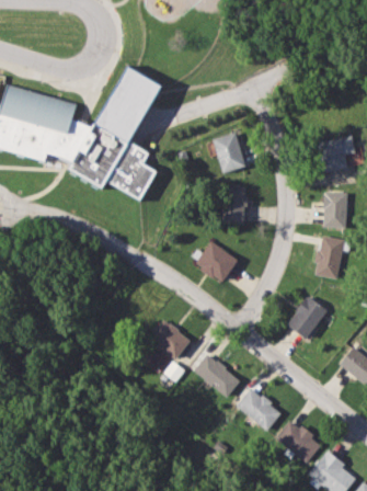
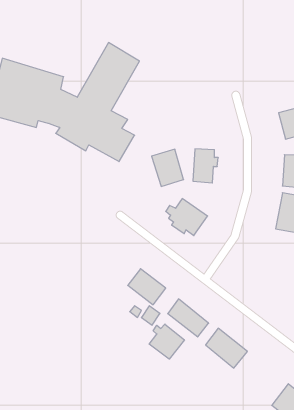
building: [210,132,246,173] -> [152,149,184,186]
building: [287,296,329,339] -> none
building: none -> [149,324,184,359]
building: [276,421,320,463] -> none

